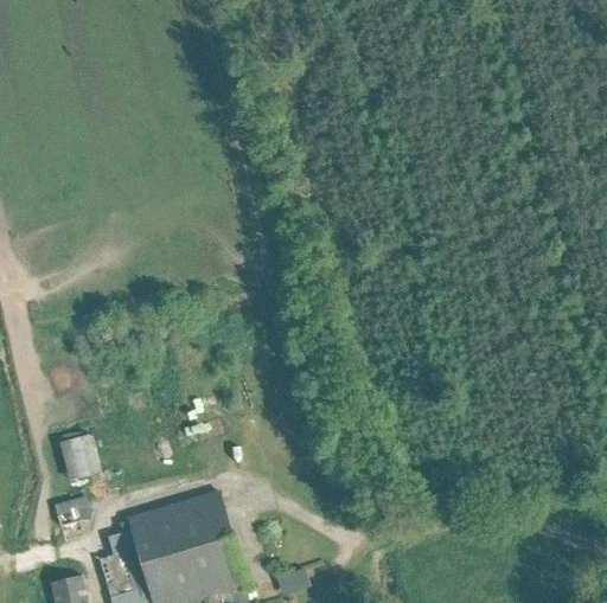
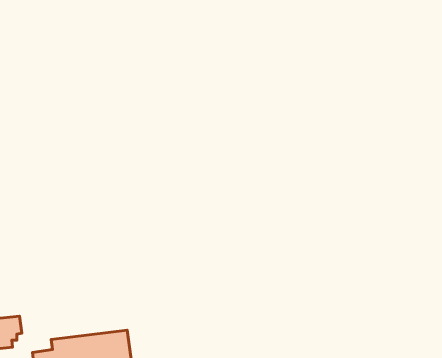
building: [59,435,101,480] -> none

